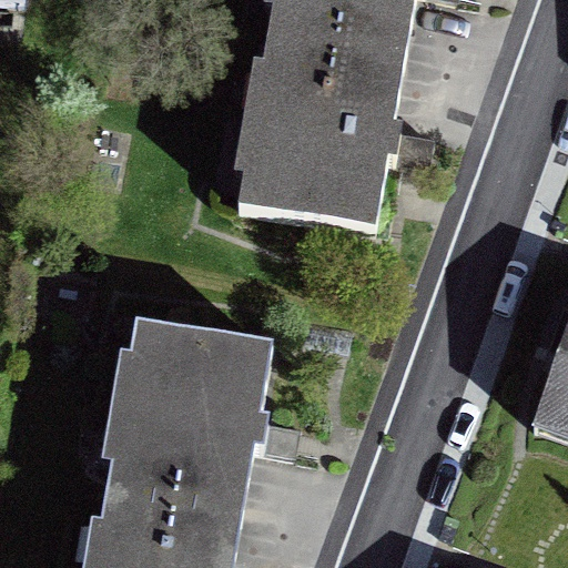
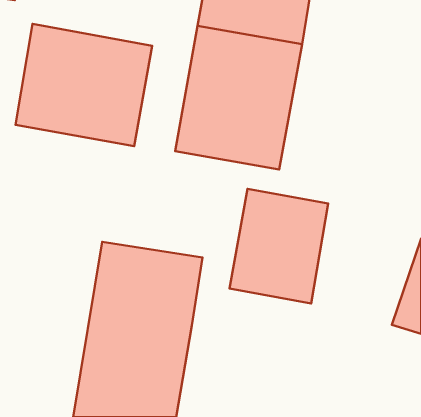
building: none -> [16,24,152,146]
building: none -> [230,189,328,303]

